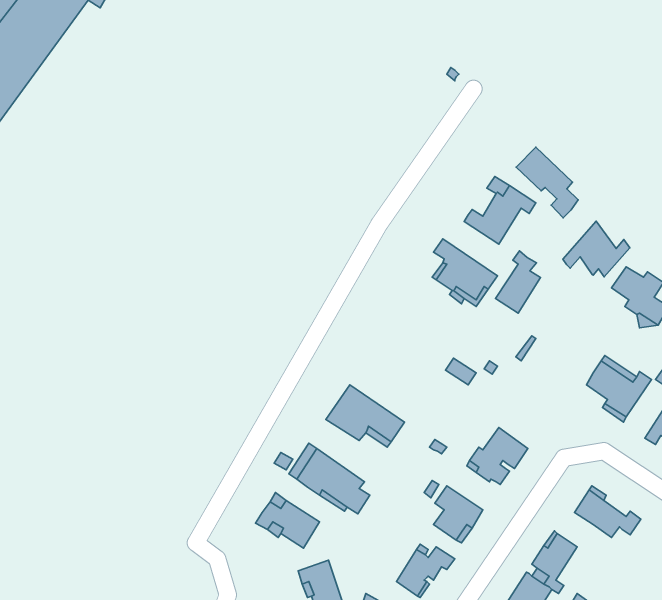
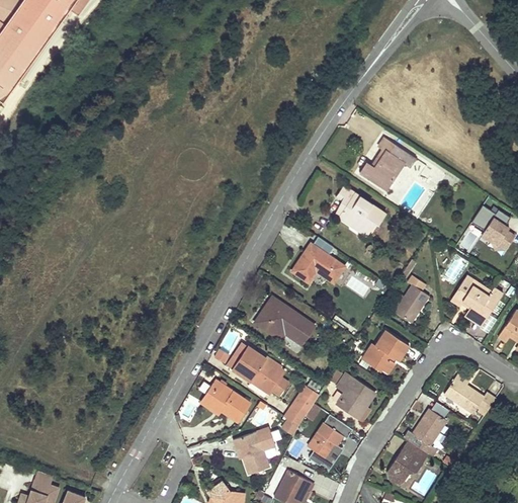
building: [516,147,578,218] -> none
building: [563,221,630,277] -> none
building: [495,251,541,313] -> [394,275,428,323]
building: none -> [291,244,344,283]
building: none -> [283,382,318,426]

